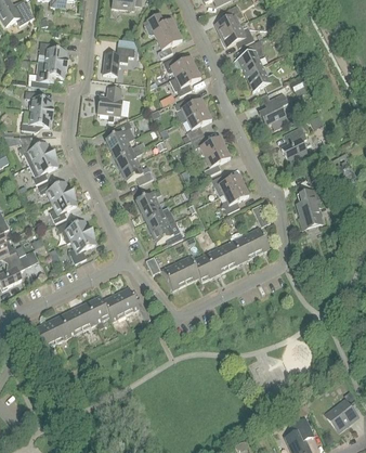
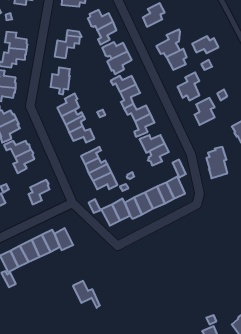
building: [220,25,253,47] -> [192,36,218,53]
building: [56,219,91,243] -> none
building: [115,286,149,321] -> [73,281,100,308]

